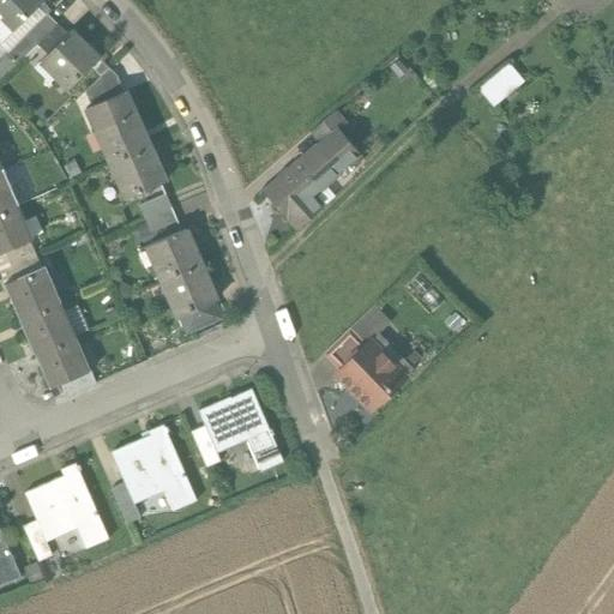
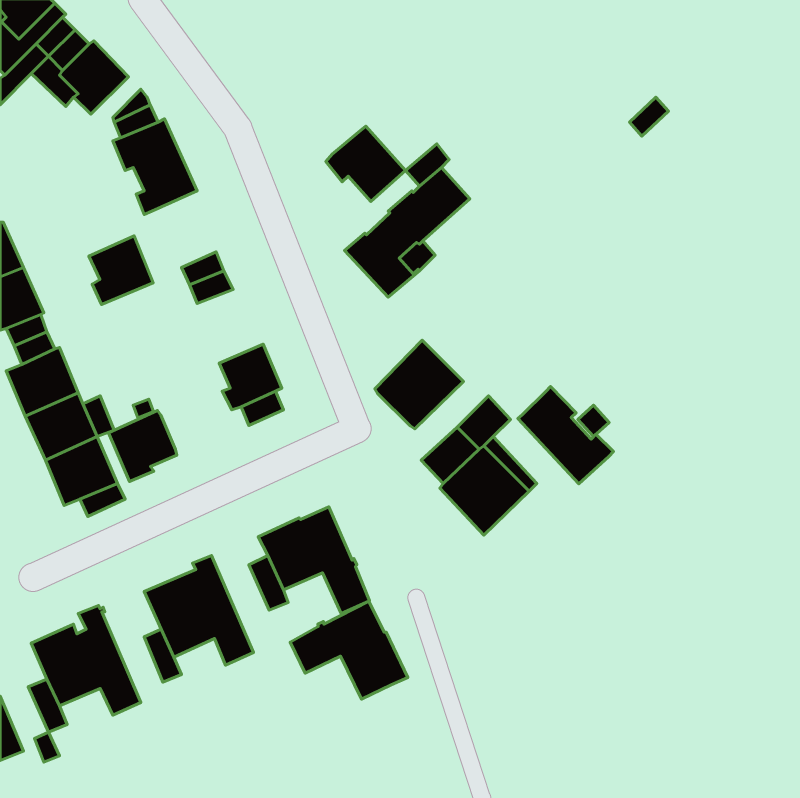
building: none -> [326,126,405,202]
building: [116,146,165,199] -> [89,236,153,305]
building: [152,229,201,281] -> none
building: none -> [375,340,463,429]
building: none -> [518,387,614,484]
building: none -> [109,411,177,482]
building: none -> [290,601,408,699]

